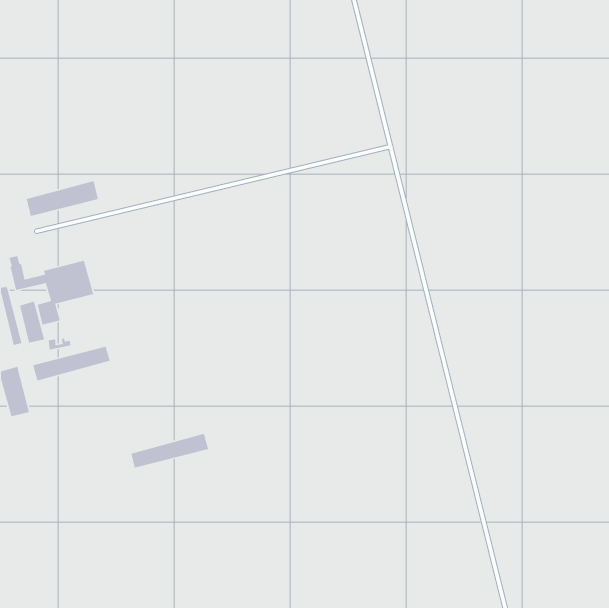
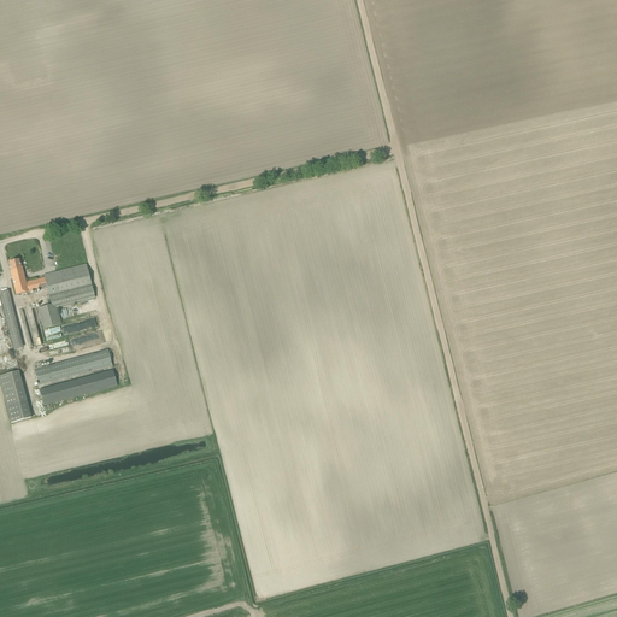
building: [26,180,99,217] -> none
building: [131,433,209,469] -> [39,369,118,405]

